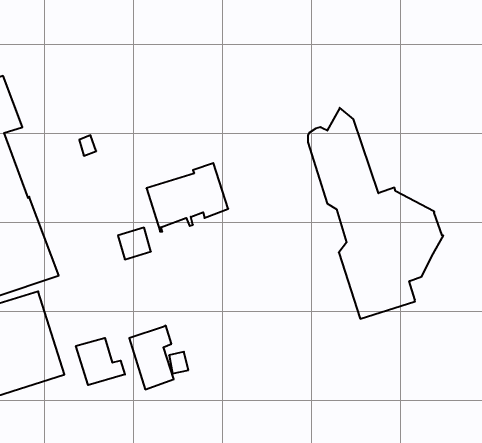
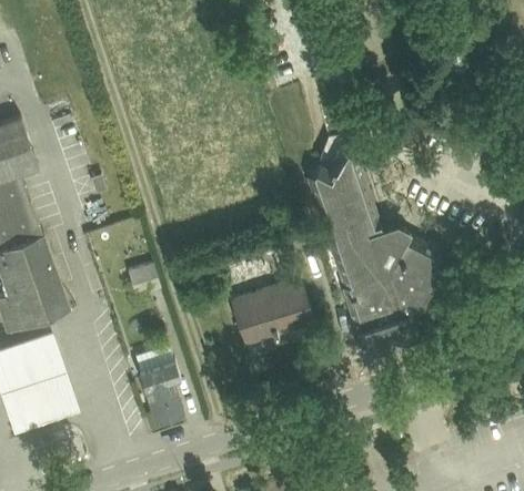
building: [146,163,228,232] -> [232,277,312,344]
building: [76,338,125,385] -> none

